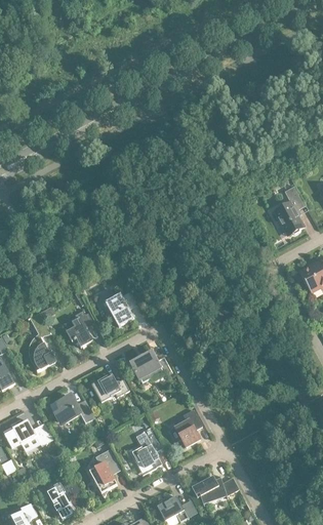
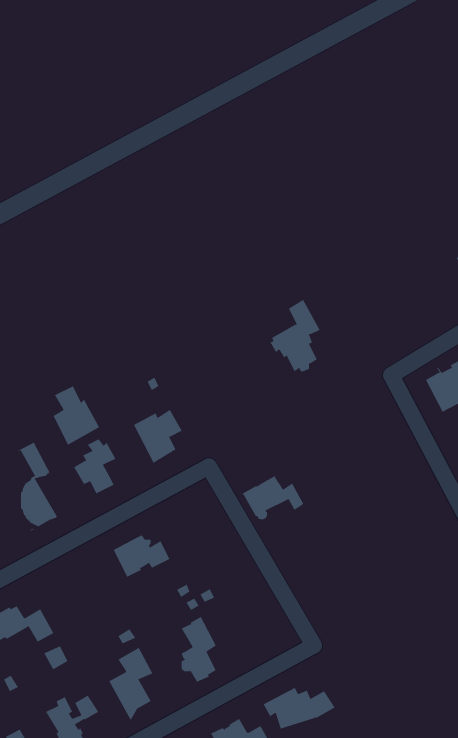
building: [272,185,306,233] -> [270,299,321,372]
building: none -> [53,385,100,445]
building: [129,351,171,380] -> [242,475,305,520]
building: [49,395,94,422] -> none
building: [168,409,202,446] -> none

